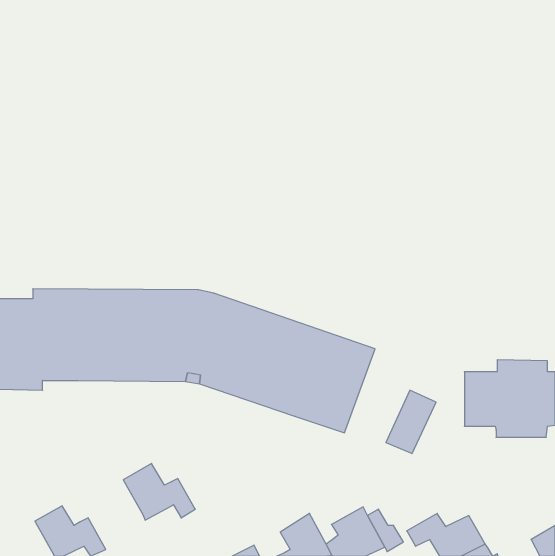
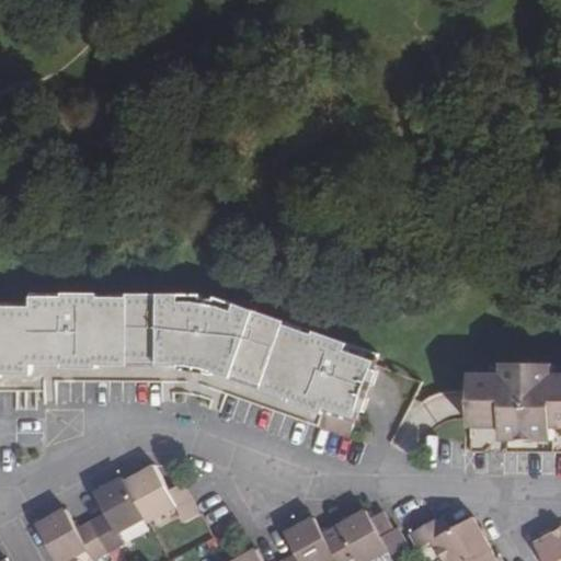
building: none -> [89,477,144,552]

